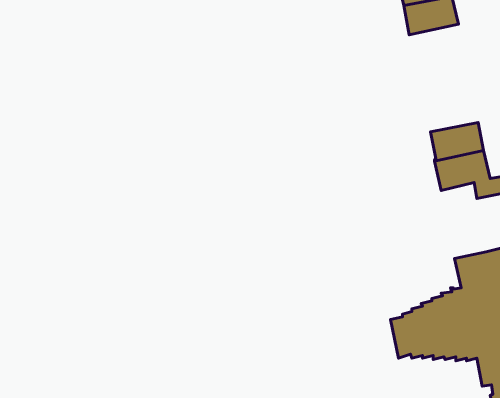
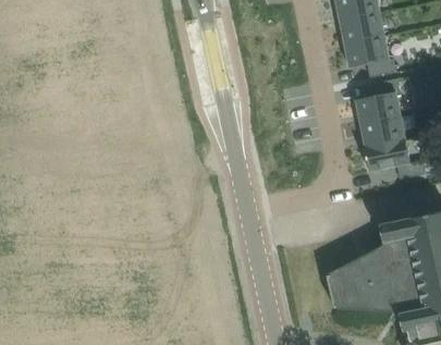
building: none -> [343,34,394,75]
building: none -> [355,76,400,122]

